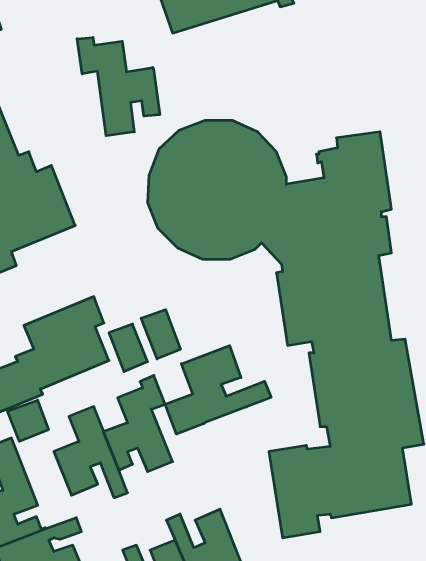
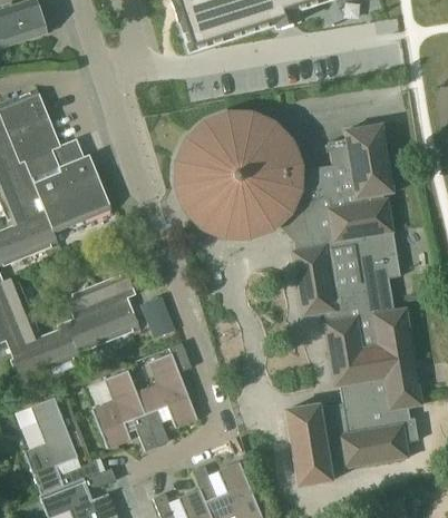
building: [77,37,160,136] -> none
building: [141,310,180,359] -> none
building: [165,346,271,434] -> none
building: [8,400,48,441] -> none

